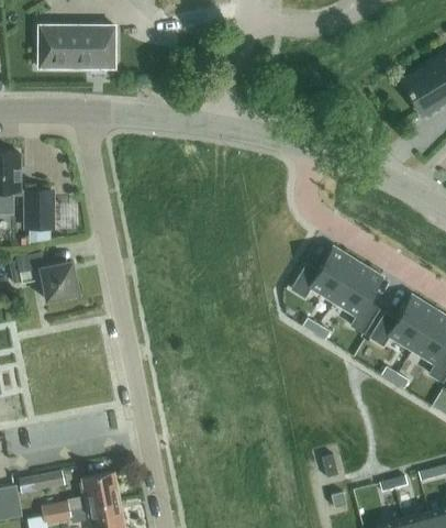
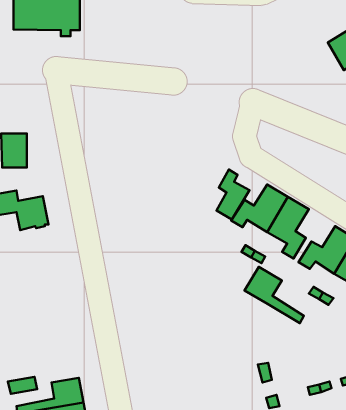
building: none -> [216,169,249,219]
building: none -> [244,267,304,323]

